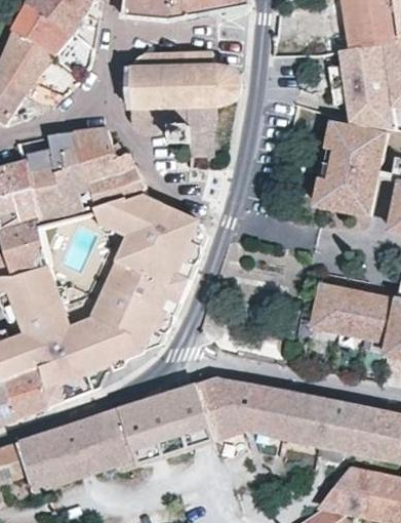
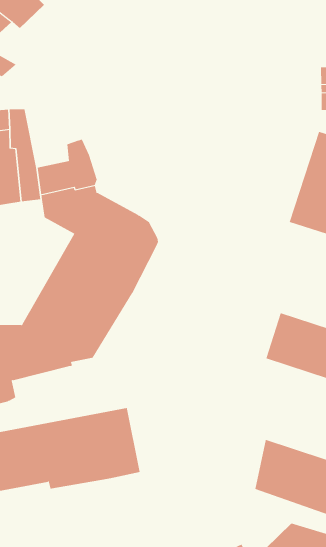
building: [129,51,237,154] -> none
building: [72,127,122,183] -> none
building: [193,378,317,442] -> none

